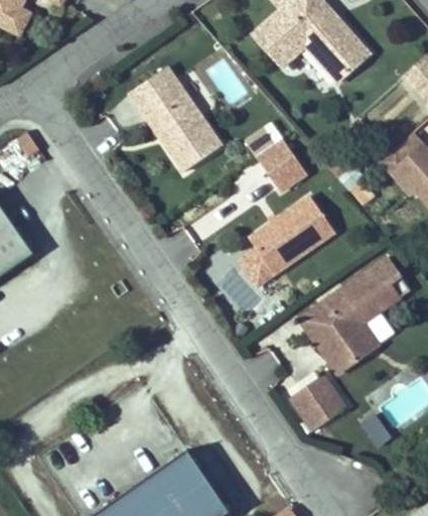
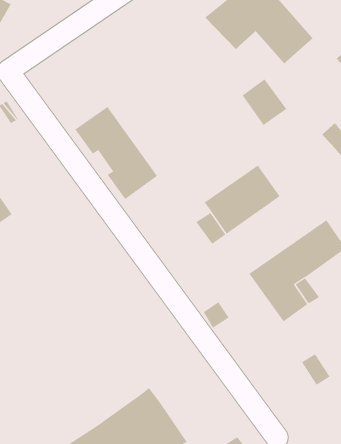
building: [129,70,223,175] -> [75,106,158,200]
building: [258,139,309,192] -> [242,79,287,126]
building: [288,373,344,429] -> none

